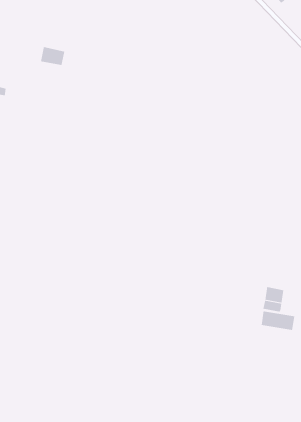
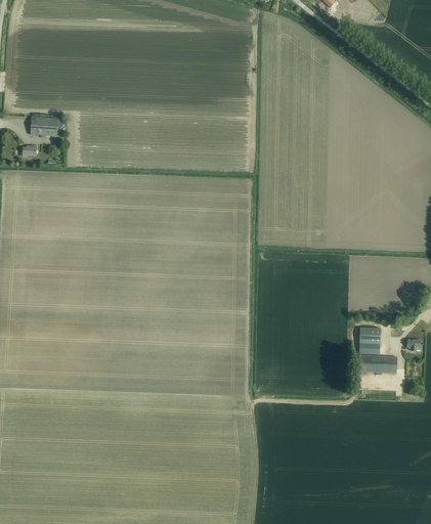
building: [40,46,65,66] -> [31,117,57,135]

